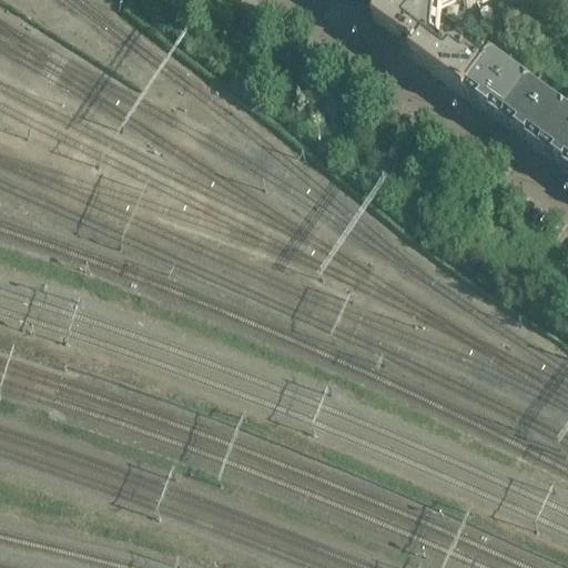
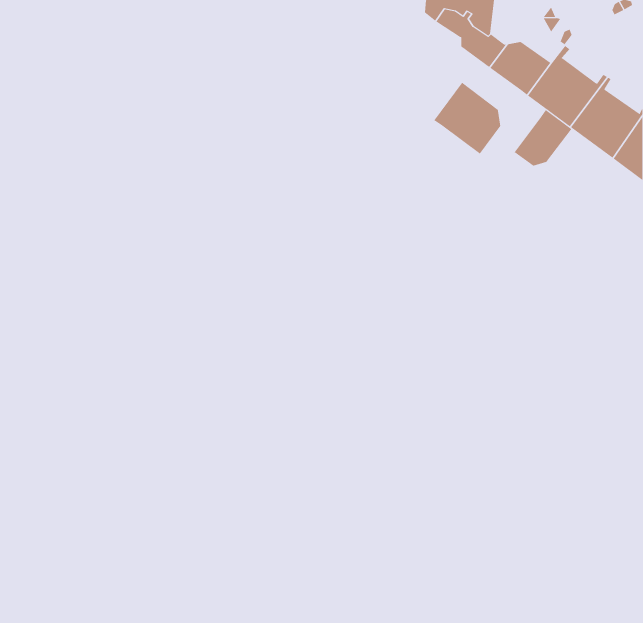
building: none -> [433,82,501,155]
building: none -> [514,109,572,167]

